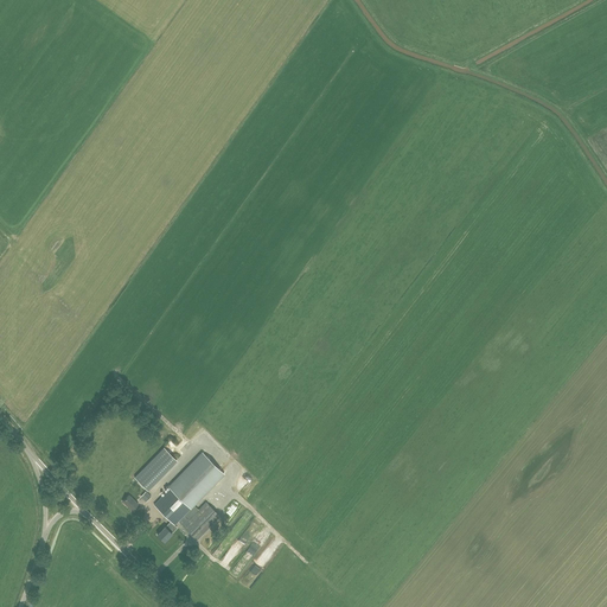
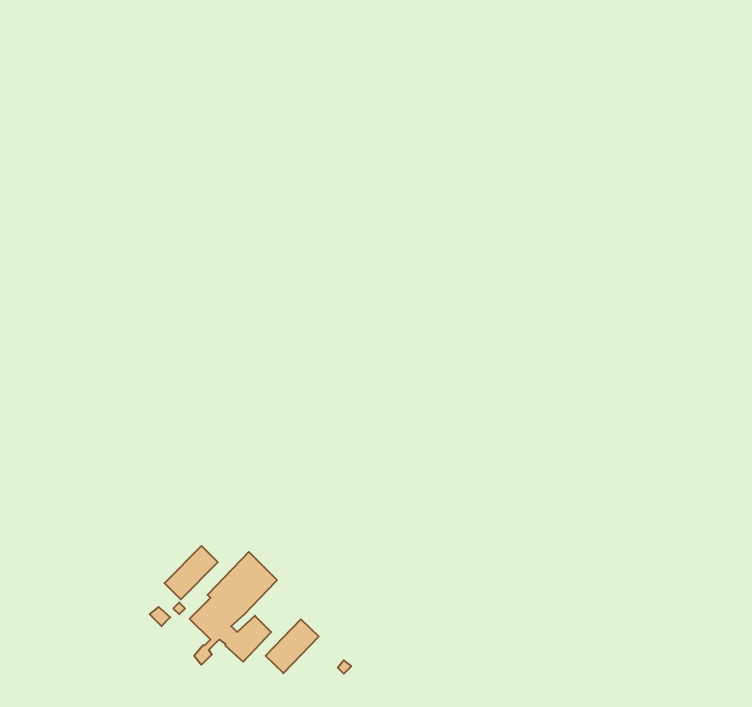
building: none -> [266,619,319,673]

